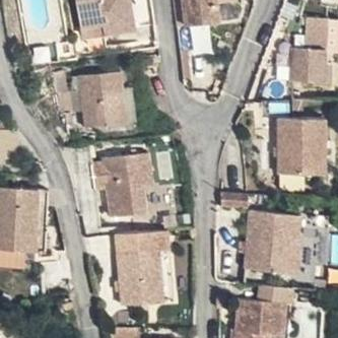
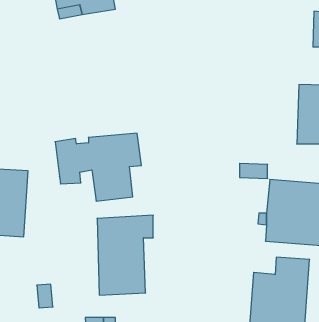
building: [62,77,112,135] -> none
building: [147,254,186,306] -> none

